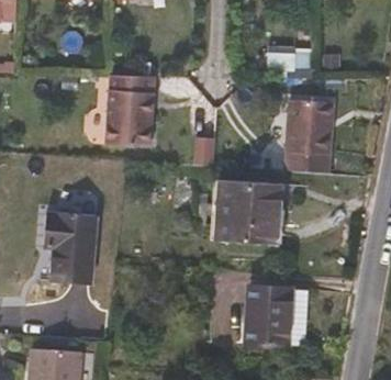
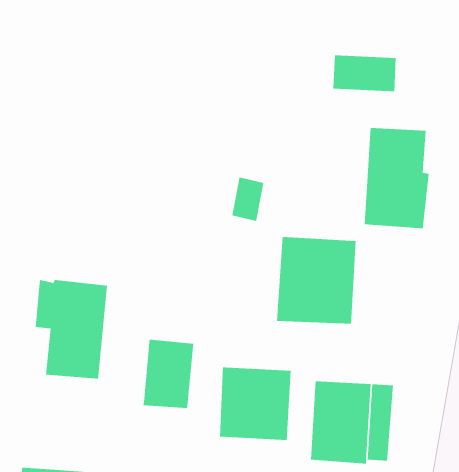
building: [109,75,154,146] -> none
building: none -> [143,339,194,409]
building: none -> [220,366,291,441]

